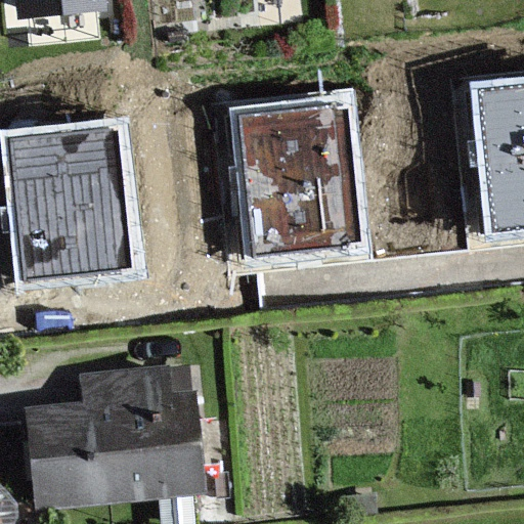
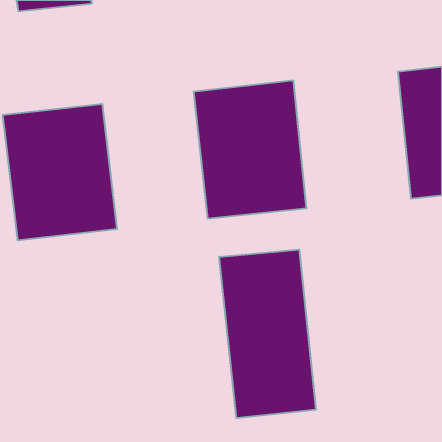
building: none -> [219,249,316,418]
building: [32,367,207,506] -> none

